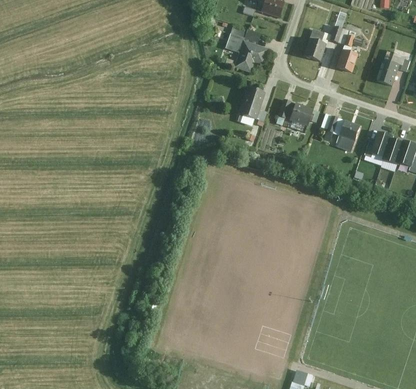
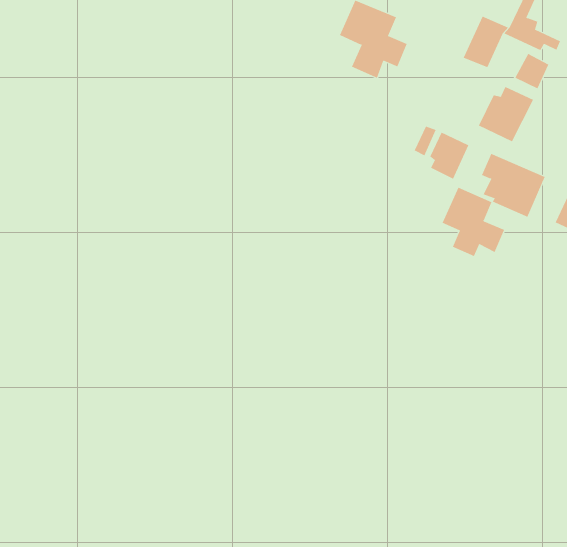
building: none -> [478,86,534,142]
building: [236,86,267,125] -> none
building: none -> [442,187,505,257]

